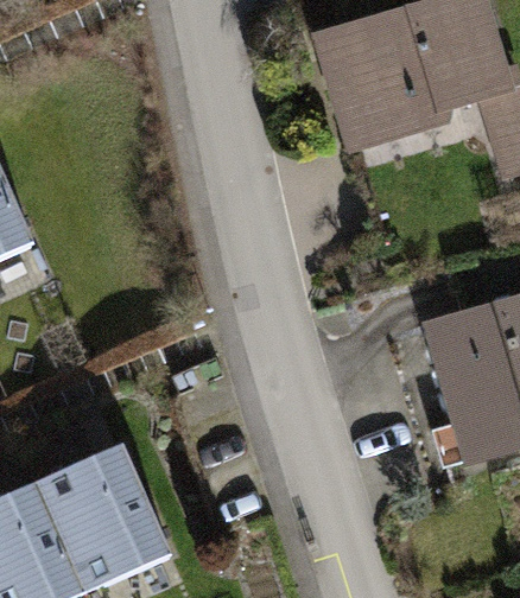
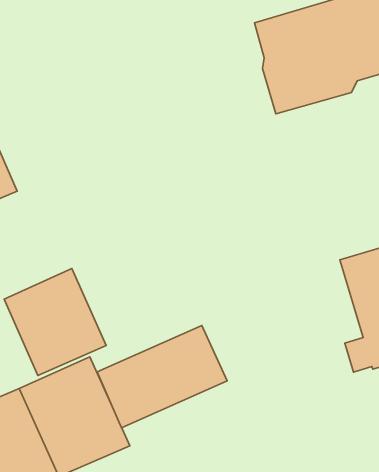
building: none -> [4,268,106,375]
building: none -> [97,326,227,428]

